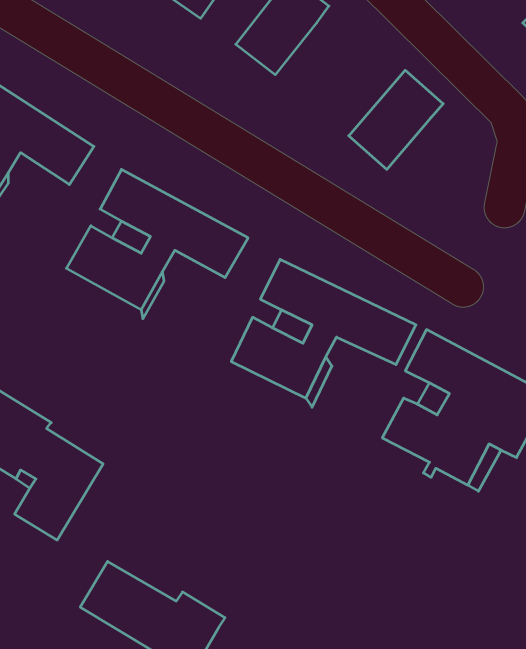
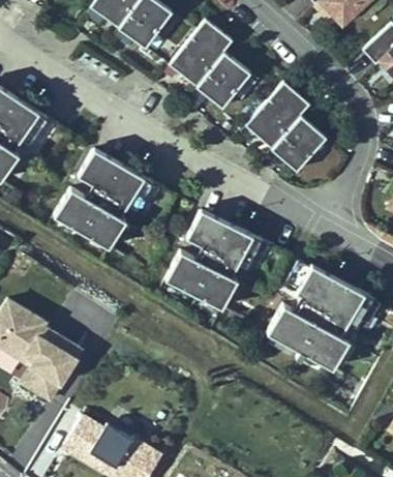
building: none -> [197,51,251,107]
building: none -> [272,115,328,172]

